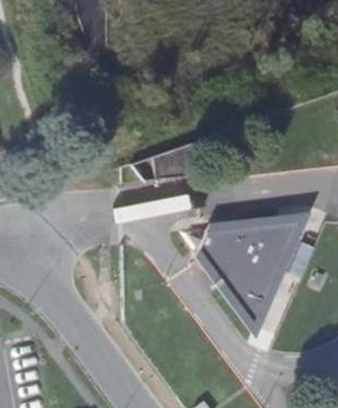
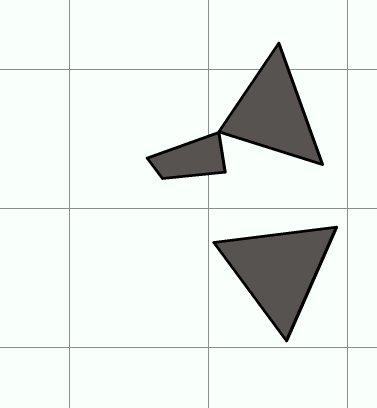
building: none -> [219,43,322,165]

